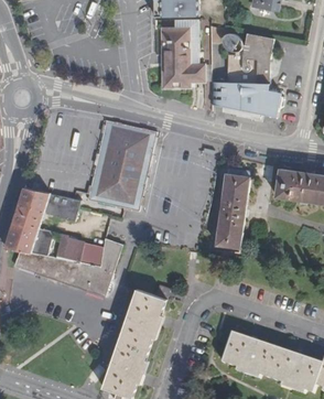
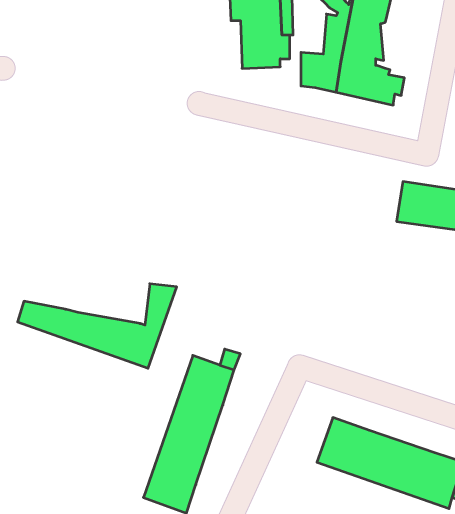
building: [88,119,154,208] -> none
building: [216,173,250,247] -> none
building: [6,186,79,256] -> none
building: [55,237,102,266] -> none

